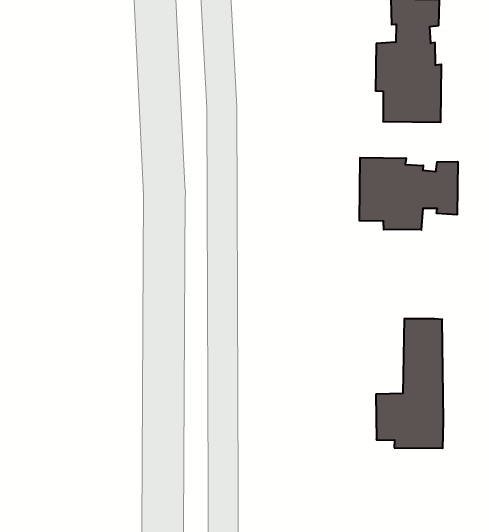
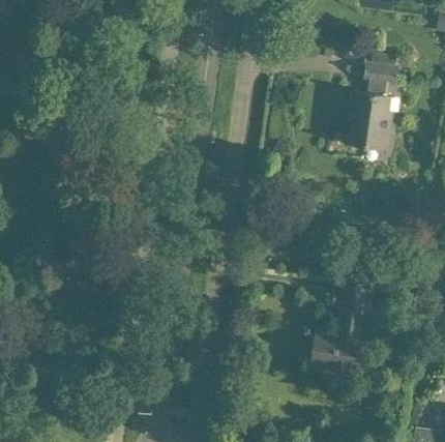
building: [359,158,458,230] -> none

